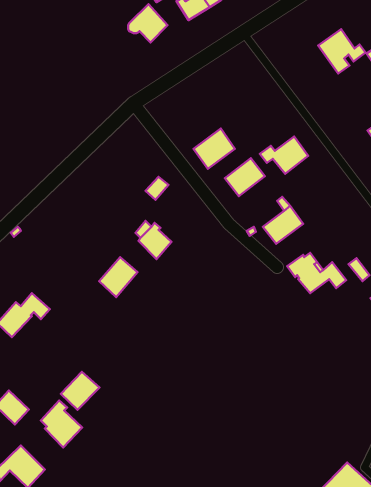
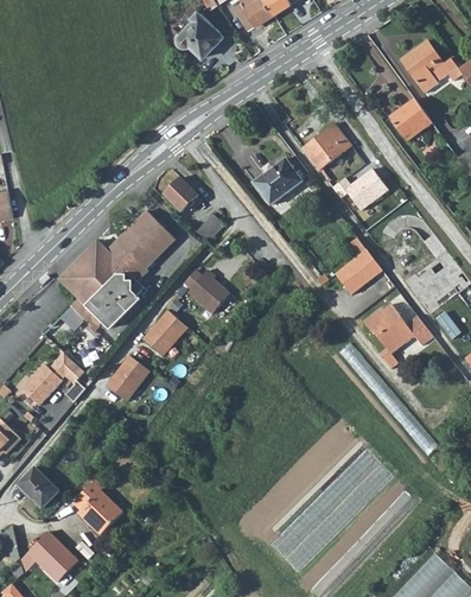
building: none -> [388,100,431,141]
building: none -> [163,178,197,211]
building: [225,158,265,196] -> [303,126,350,171]
building: none -> [59,211,176,331]
building: none -> [104,355,148,401]
building: [61,372,100,410] -> none

